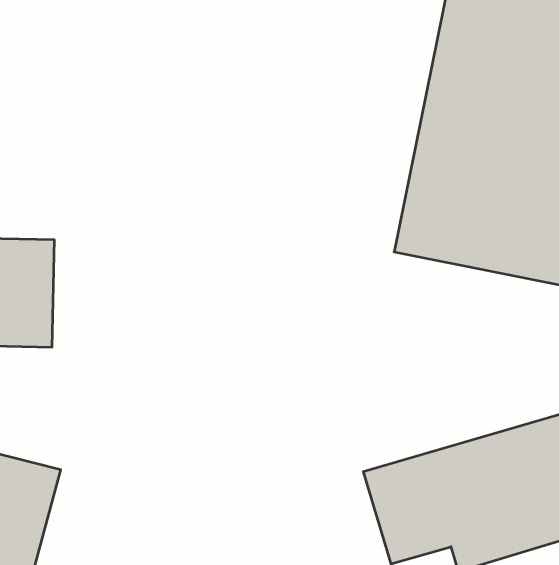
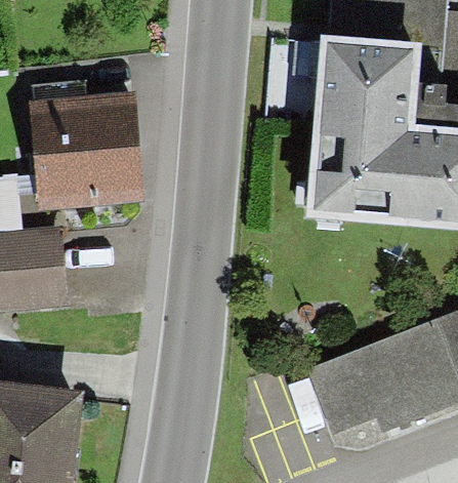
building: none -> [30,78,143,211]

